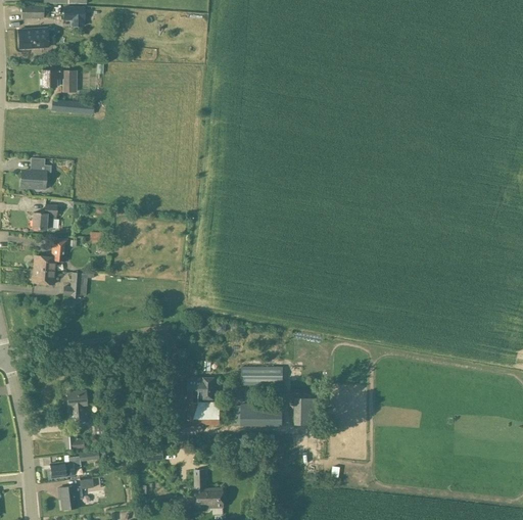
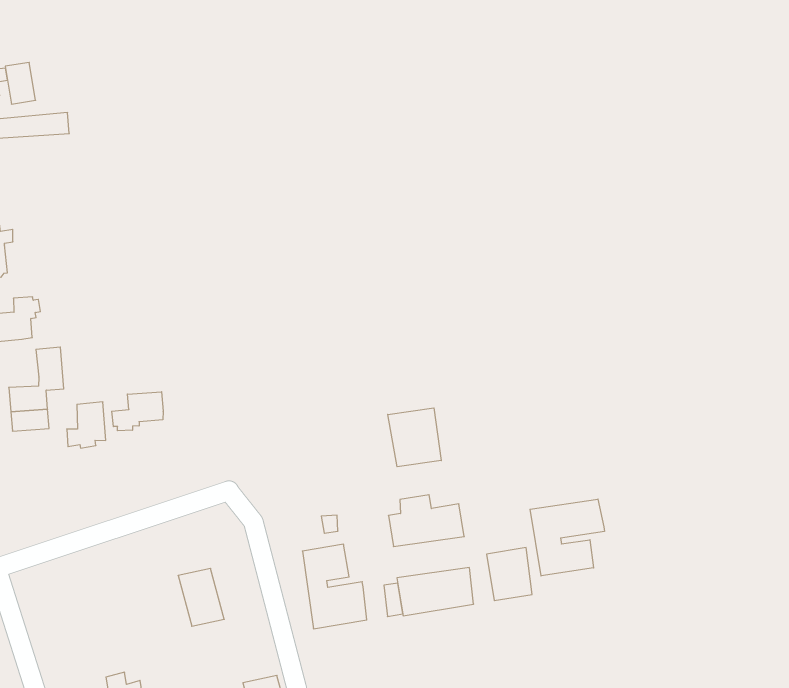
building: none -> [112,392,163,431]
building: none -> [388,408,441,467]
building: none -> [530,499,604,576]
building: [65,390,88,422] -> [178,568,224,626]

